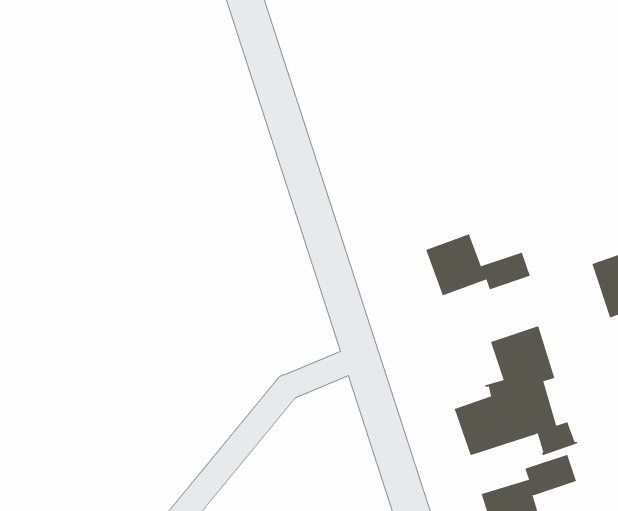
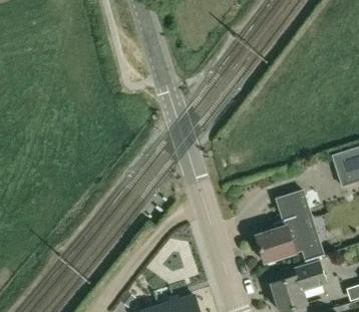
building: [426,234,531,296] -> none

